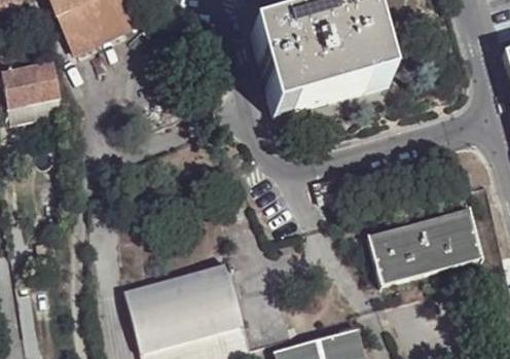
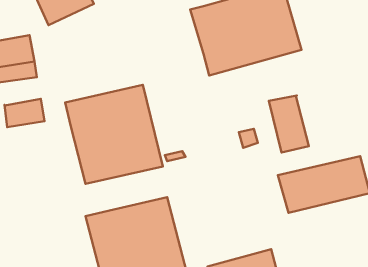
building: none -> [65,85,163,184]
building: none -> [269,95,309,153]
building: none -> [5,99,44,127]

